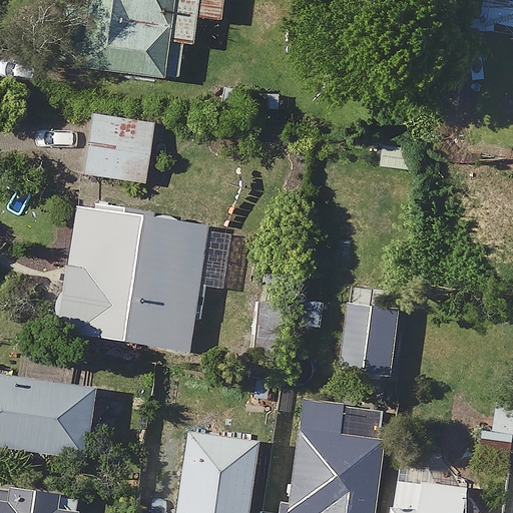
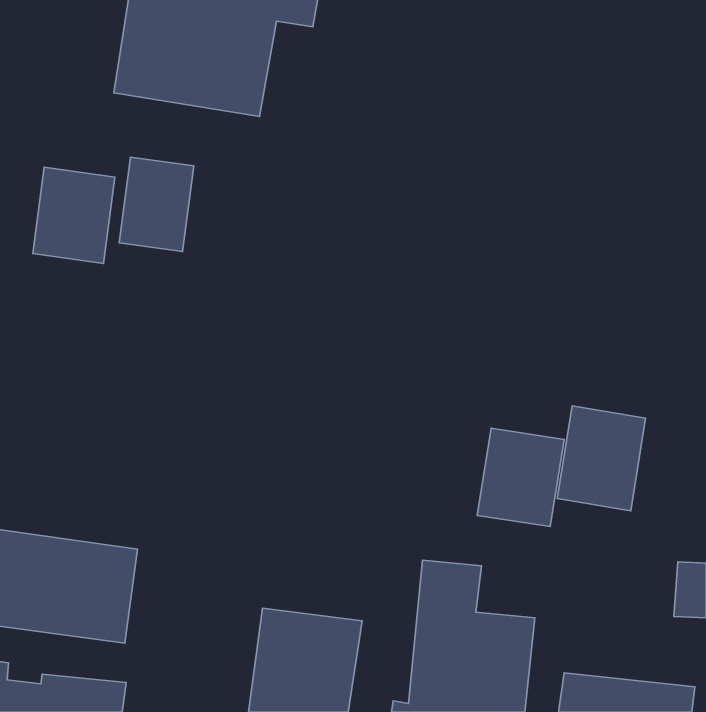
building: none -> [33,167,115,263]
building: [57,204,227,353] -> none
building: none -> [557,406,646,511]

